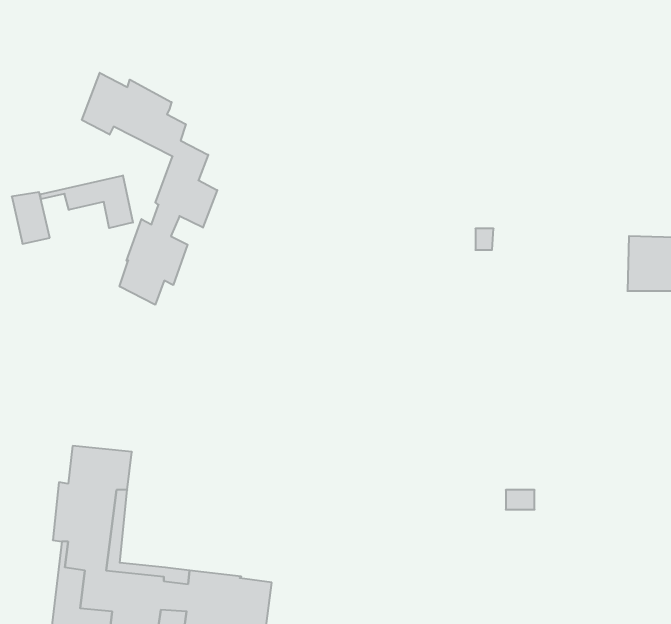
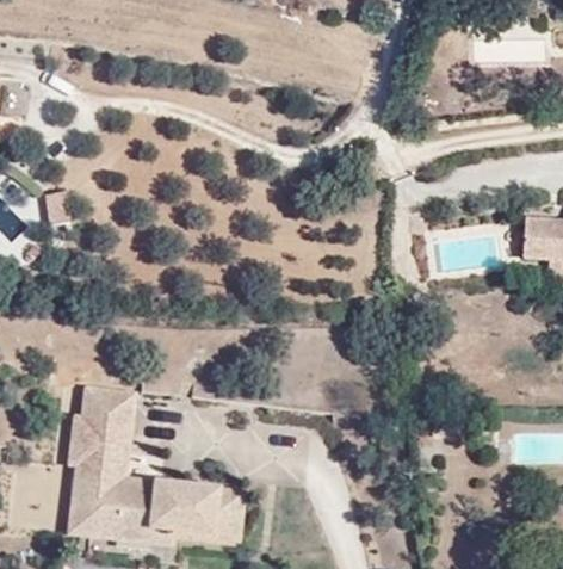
building: [82,73,217,305] -> none
building: [40,175,133,228] -> none

